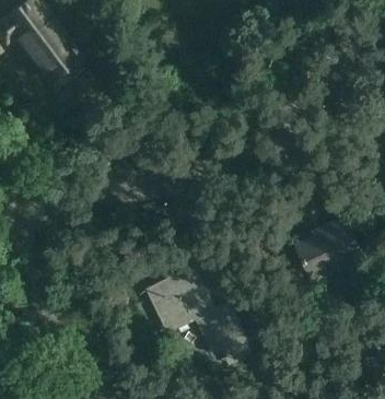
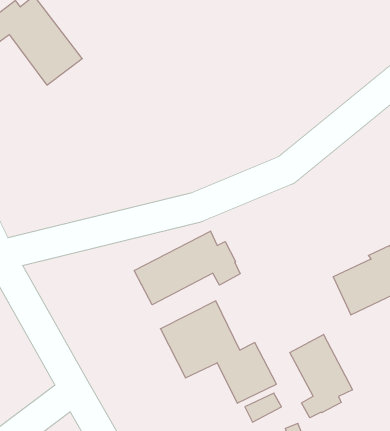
building: none -> [134,231,240,305]
building: none -> [290,334,352,418]

